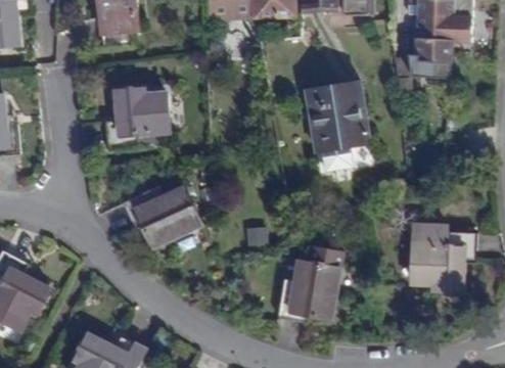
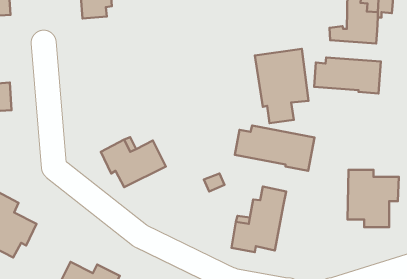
building: [106,86,167,148] -> none
building: none -> [314,57,381,94]
building: none -> [235,126,315,171]

